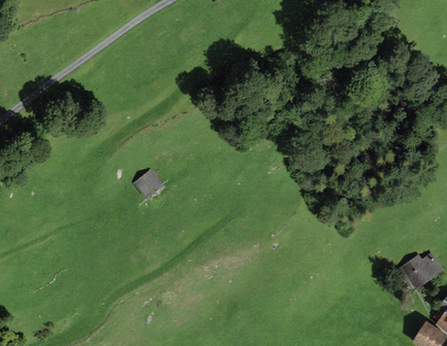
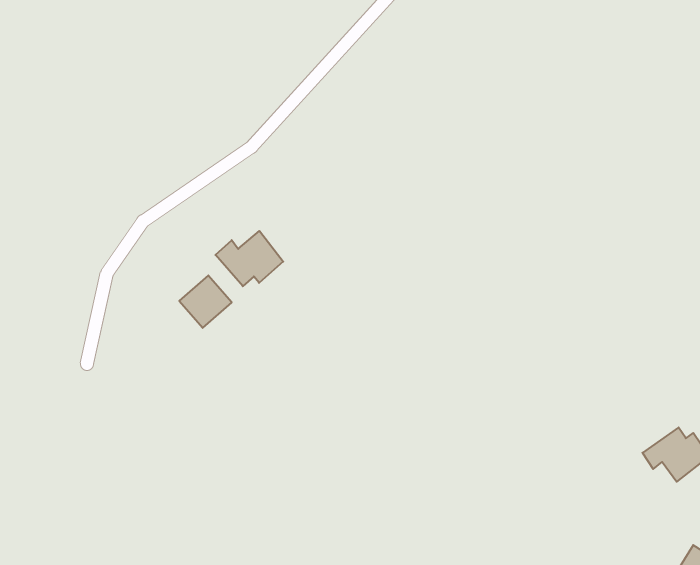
building: none -> [215,231,283,286]

